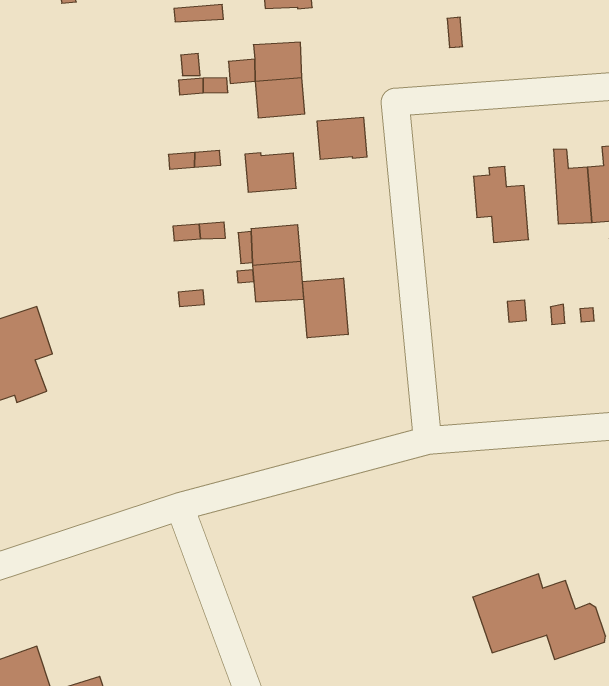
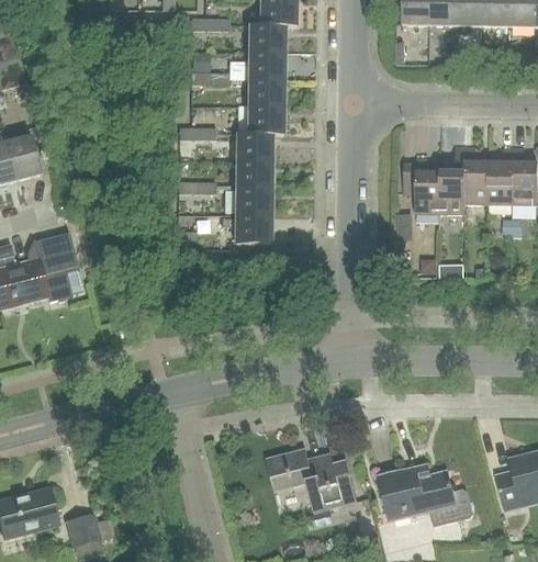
building: none -> [248,24,283,53]
building: [317,117,367,159] -> [247,106,282,136]
building: none -> [441,148,466,215]
building: none -> [235,161,271,189]
building: [303,278,348,338] -> none
building: none -> [267,445,358,515]

